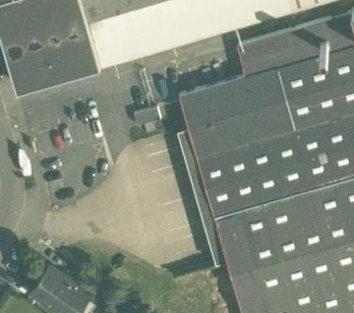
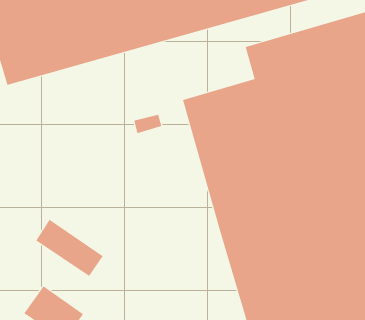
building: none -> [36,219,104,277]

